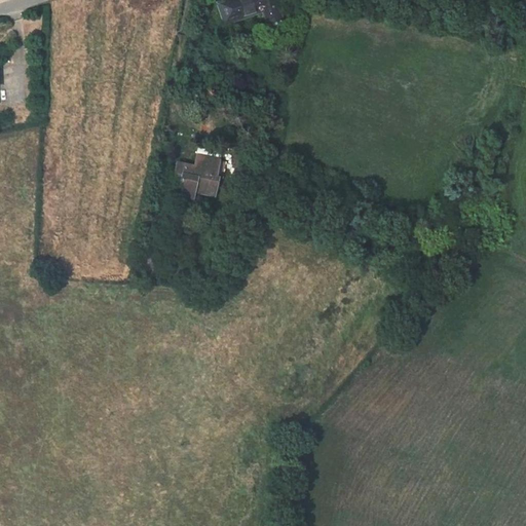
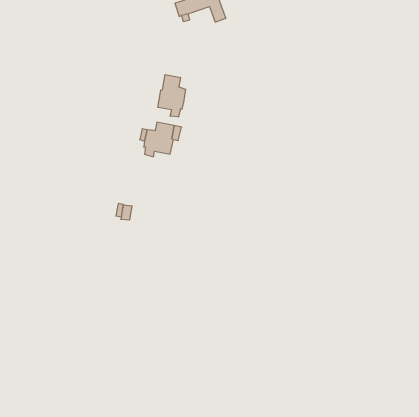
building: none -> [158,75,186,117]

